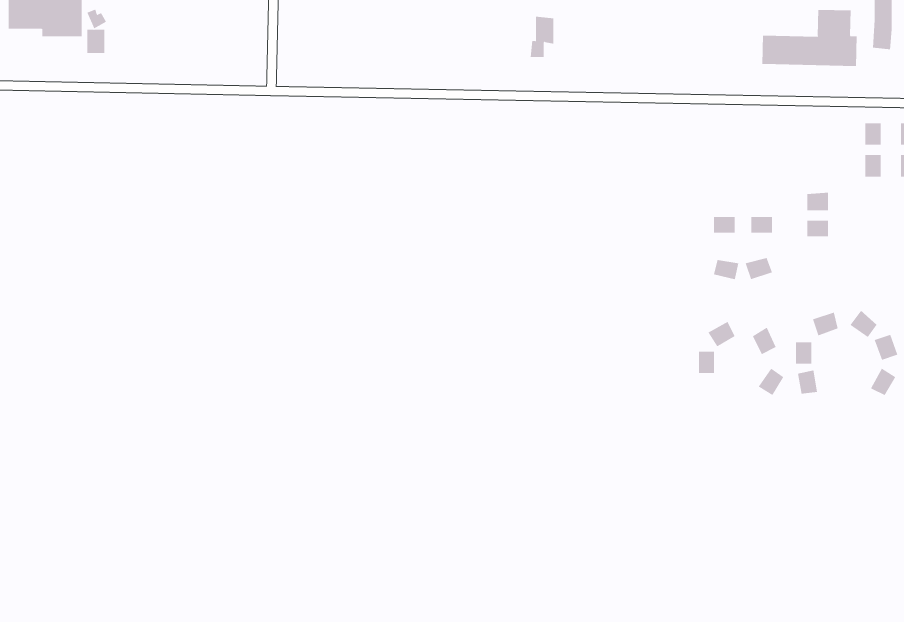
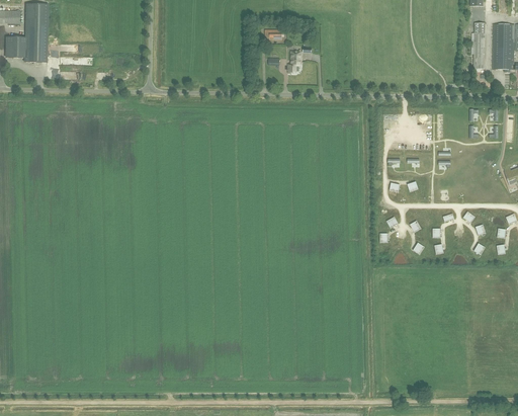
building: [762,9,857,67] -> none

